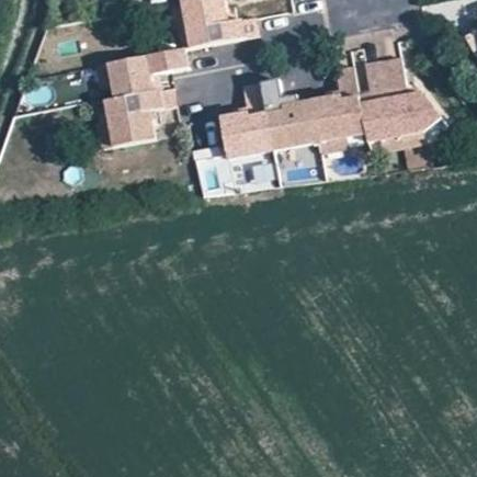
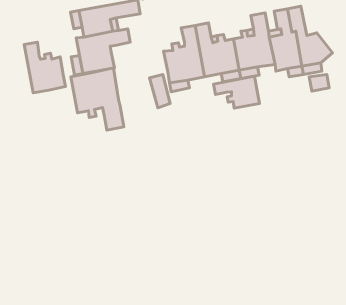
building: none -> [24,42,66,93]
building: none -> [71,68,124,130]
building: none -> [214,76,260,108]

